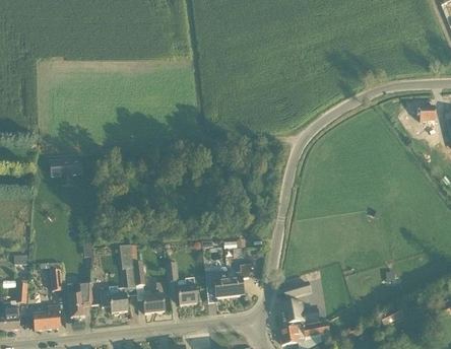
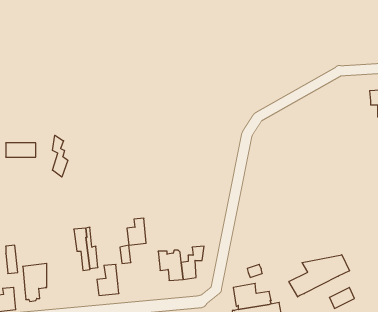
building: none -> [52,135,68,177]
building: none -> [289,255,349,297]
building: [177,278,196,305] -> [127,218,146,245]
building: [100,286,127,315] -> none

